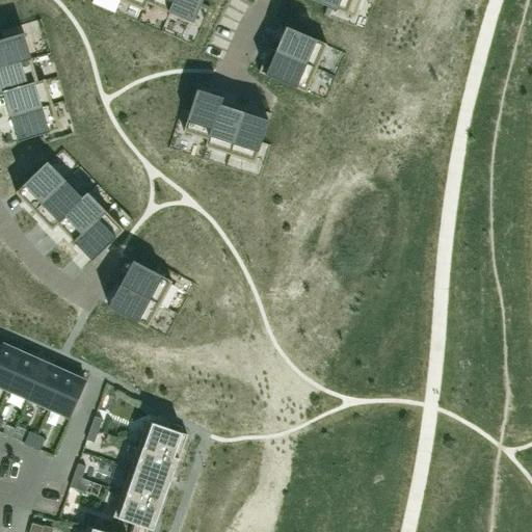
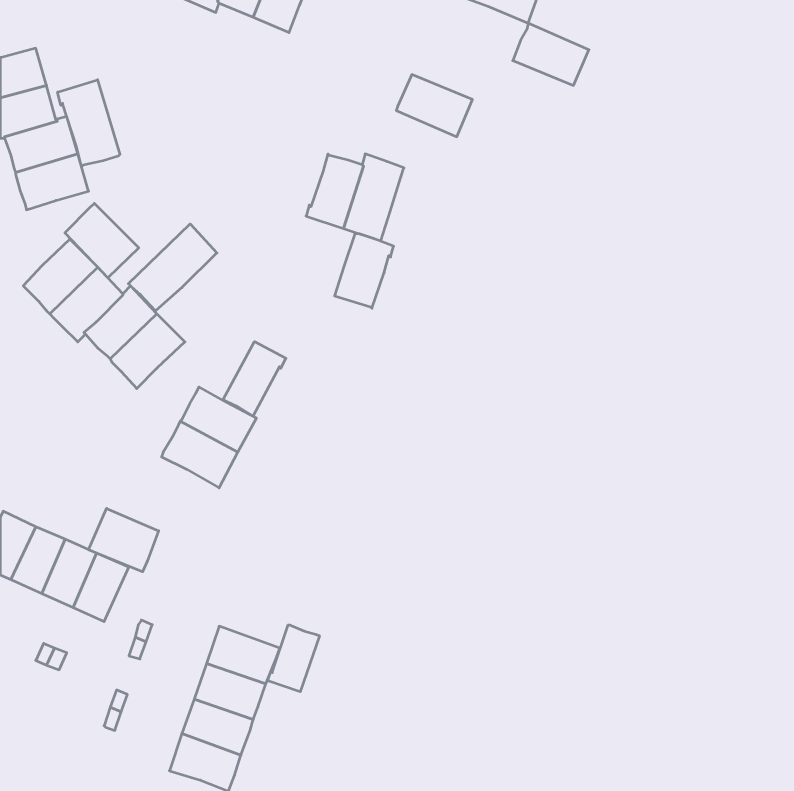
building: [275,25,326,66] -> [513,23,589,85]
building: none -> [58,80,120,167]
building: [183,88,222,138] -> [335,234,394,308]
building: none -> [65,203,139,278]
building: none -> [128,224,217,311]
building: none -> [223,342,286,416]
building: none -> [89,508,159,572]
building: none -> [268,625,319,692]

